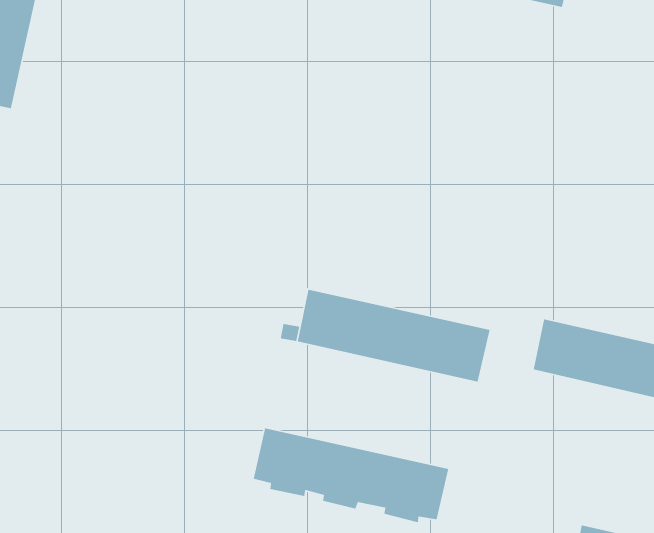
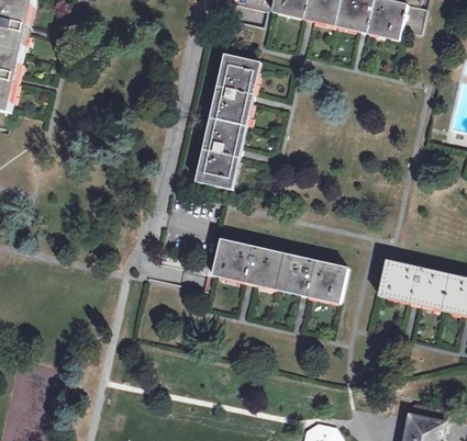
building: none -> [194,53,259,189]
building: [253,427,449,523] -> none

